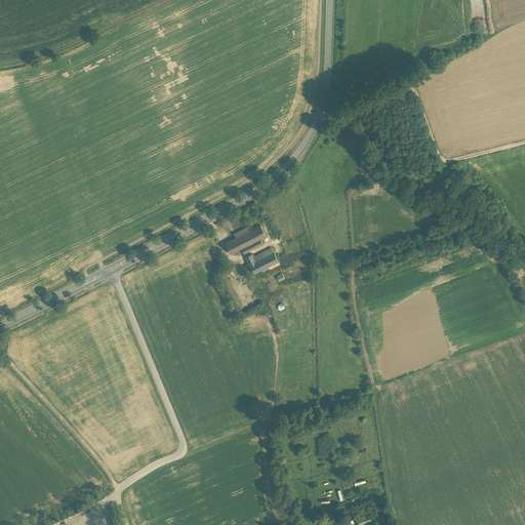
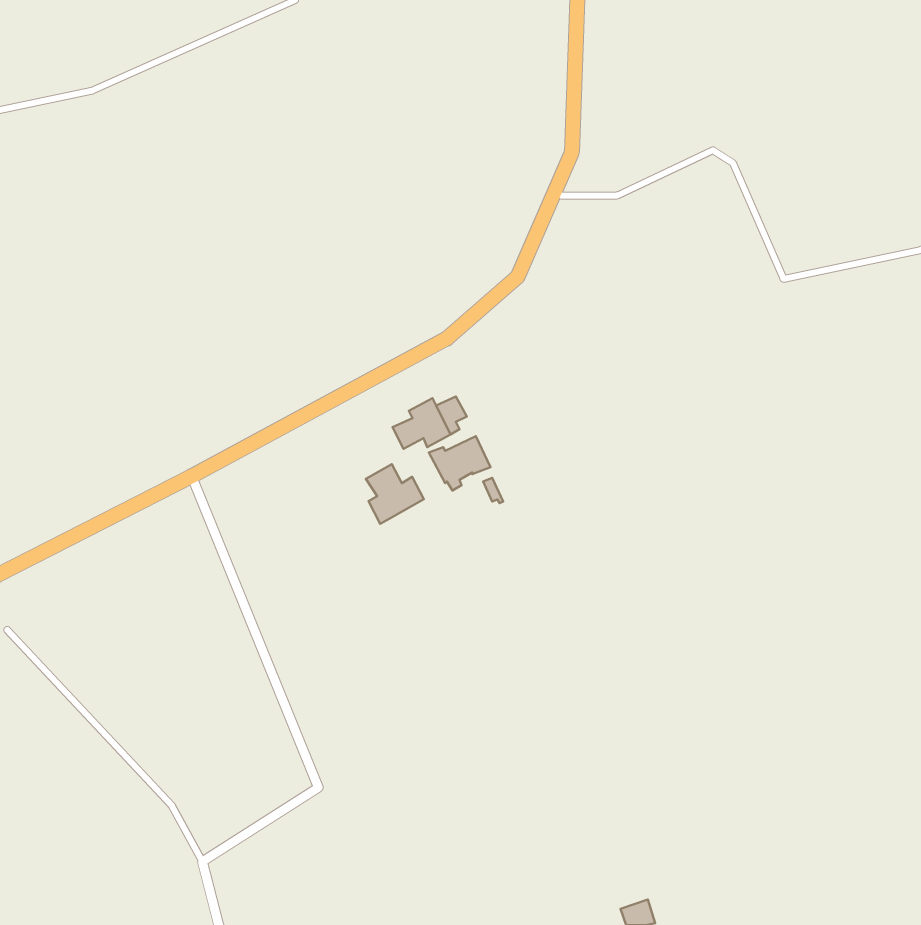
building: none -> [366,464,424,524]

